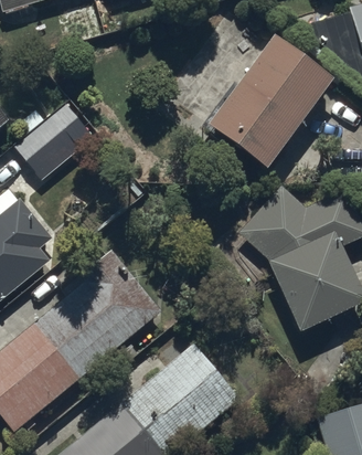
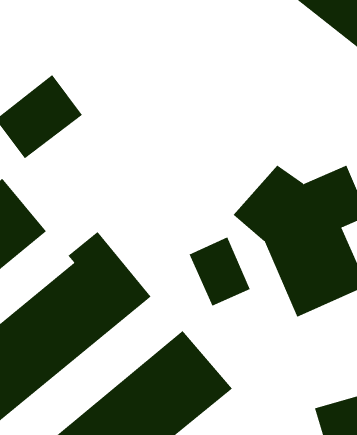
building: [207,34,334,169] -> none
building: none -> [189,236,250,306]

